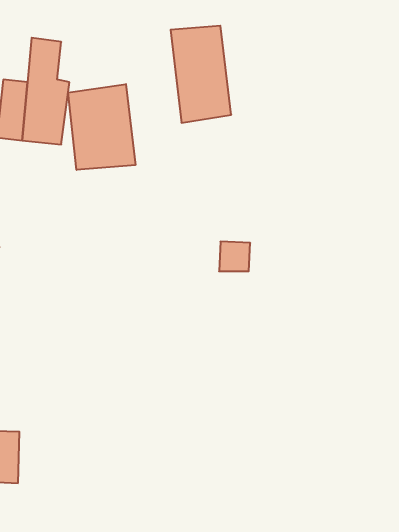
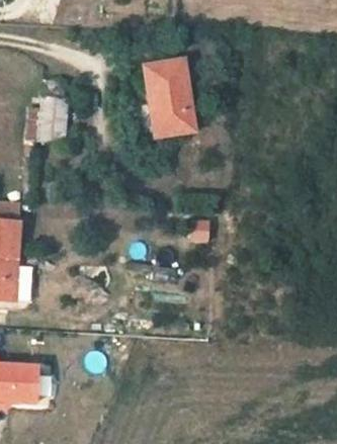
building: [68,84,135,170] -> none

